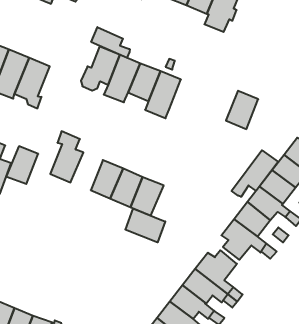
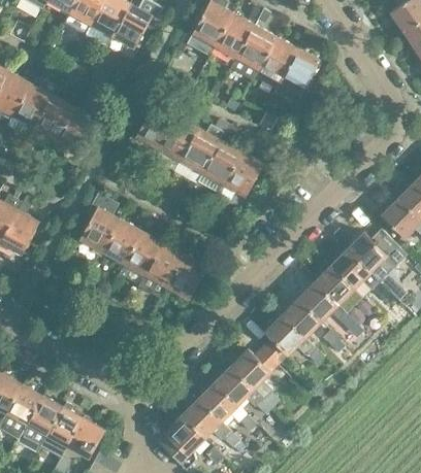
building: [91,27,130,58] -> none
building: [226,91,258,129] -> [223,151,262,196]
building: [6,146,38,184] -> [102,219,141,263]
building: [232,150,278,197] -> none
building: [125,209,165,242] -> none

